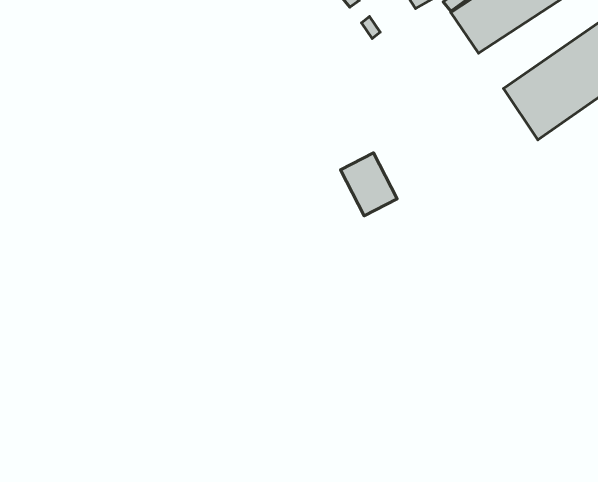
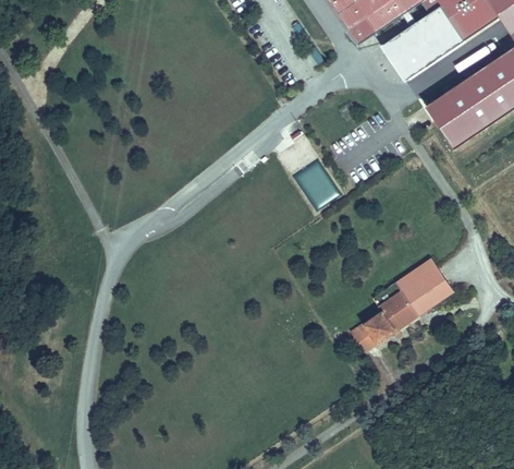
building: none -> [353,258,457,356]

